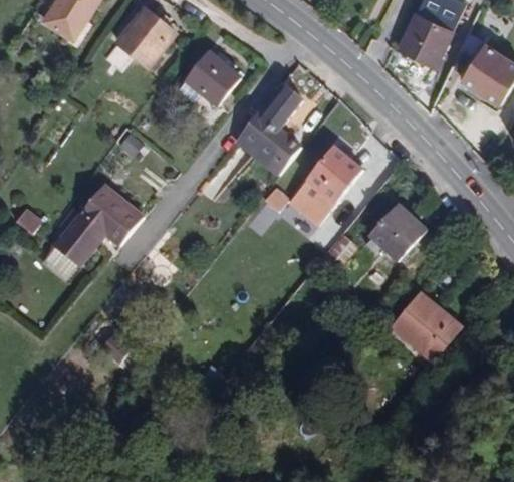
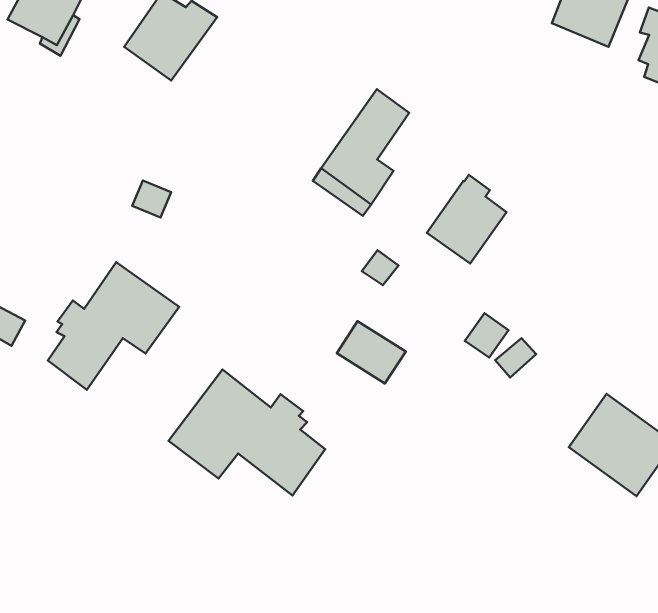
building: [181,50,241,105] -> none
building: [288,182,333,224] -> [337,321,406,384]
building: [371,202,426,260] -> none
building: none -> [169,369,325,495]

